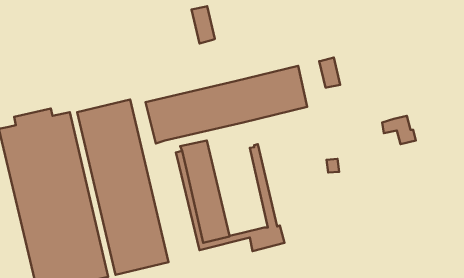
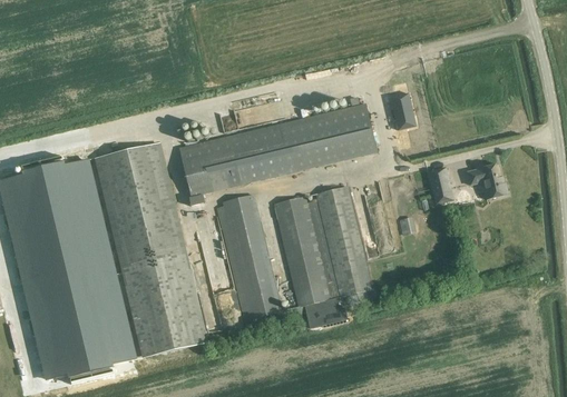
building: [191,6,215,43] -> none
building: none -> [427,167,453,205]
building: none -> [314,186,372,305]
building: none -> [274,197,328,306]

